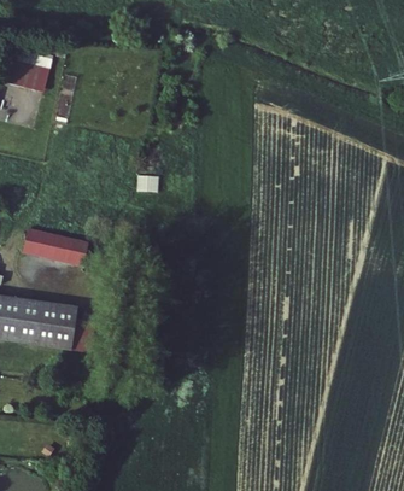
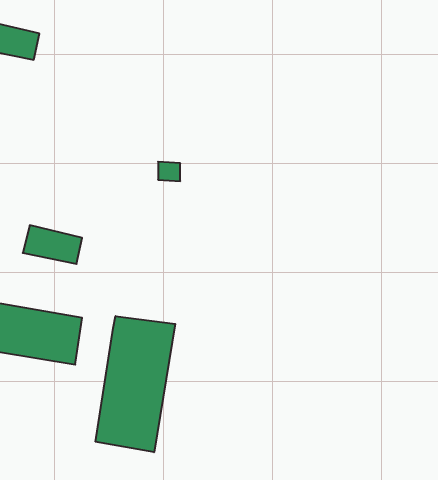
building: none -> [96,316,175,452]

